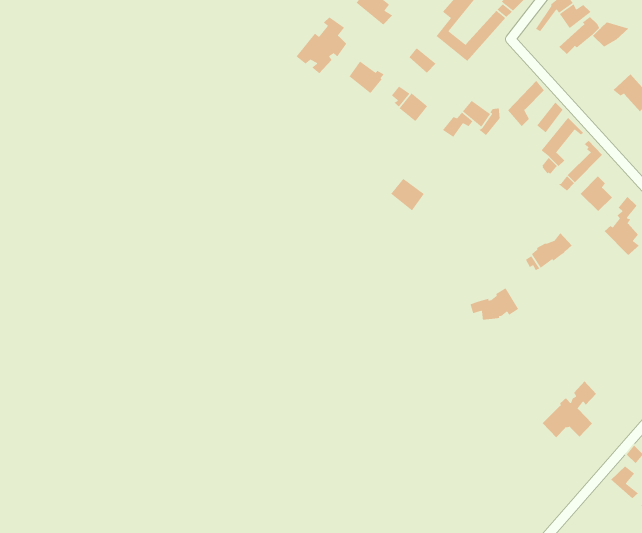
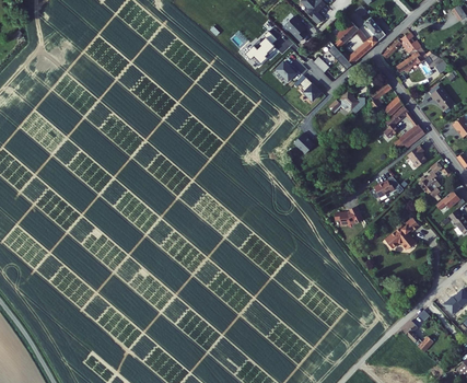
building: [542,381,597,438] -> [387,219,422,253]

